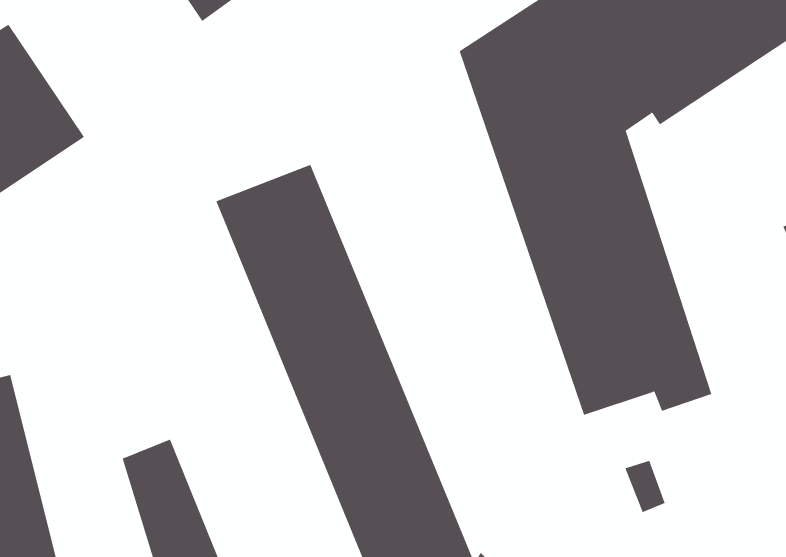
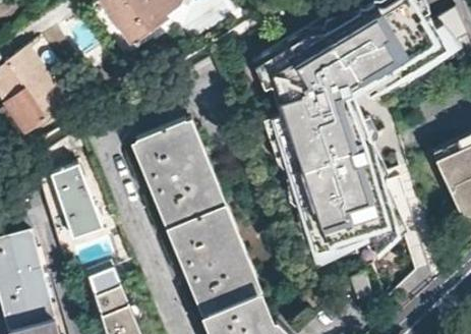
building: none -> [52,159,102,232]

